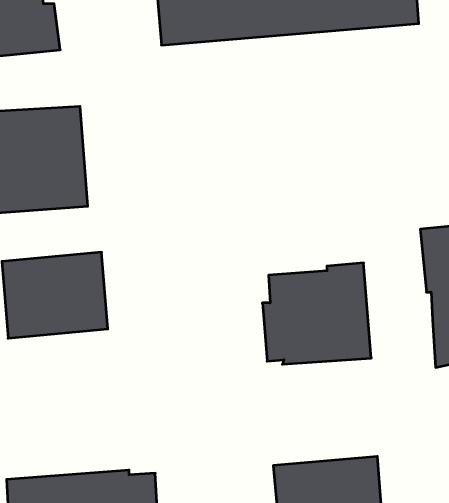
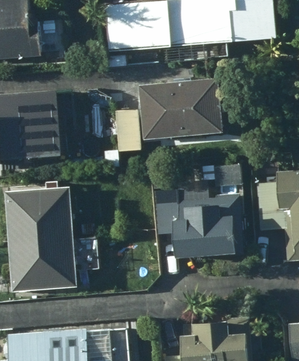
building: none -> [137,78,222,140]
building: none -> [7,237,76,292]

